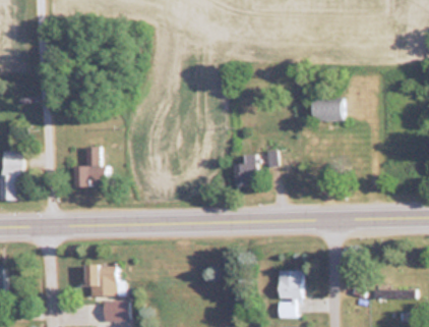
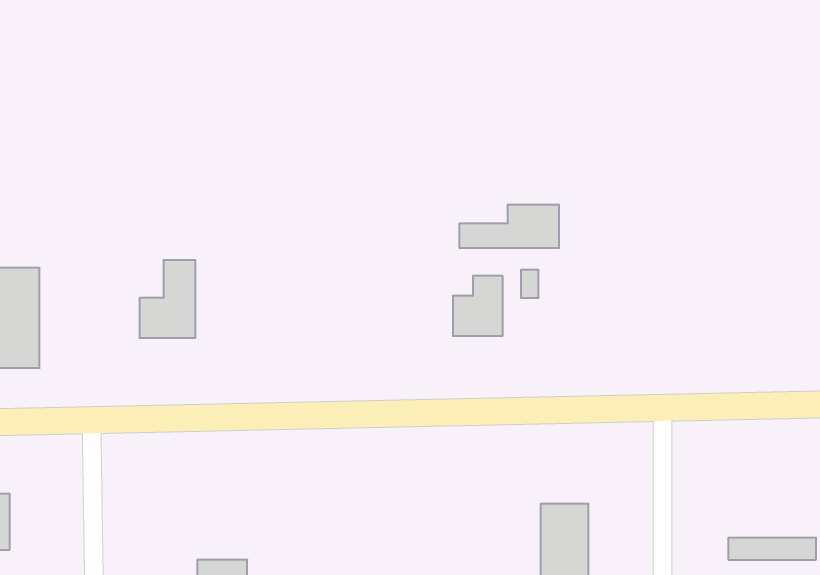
building: [312,102,345,121] -> none
building: none -> [460,204,559,248]
building: [84,264,118,295] -> none

